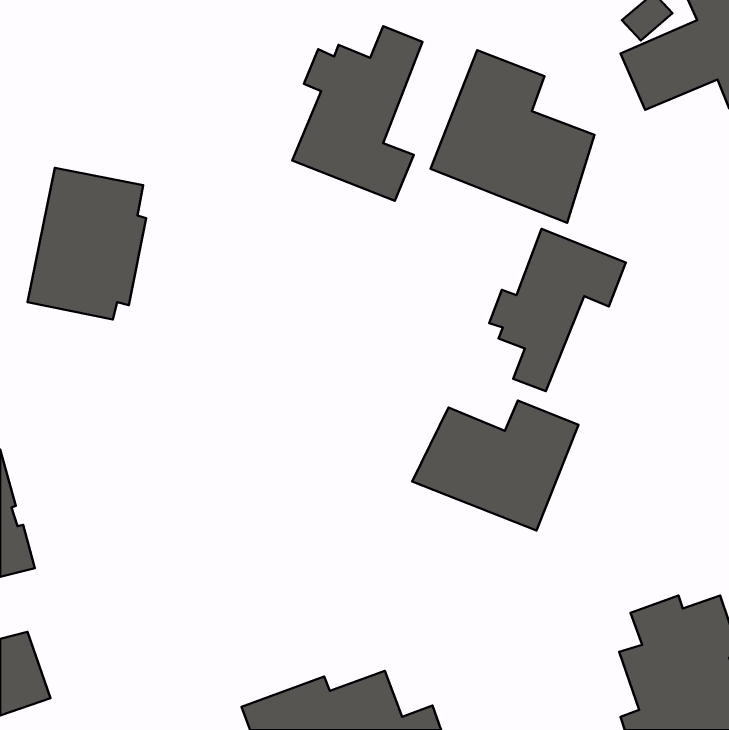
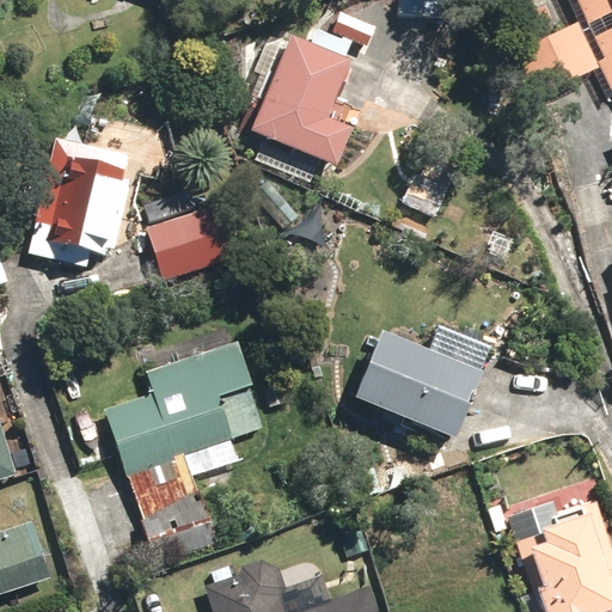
building: [430,50,594,223] -> none
building: [489,229,626,391] -> none
building: none -> [147,204,227,275]
building: none -> [104,342,267,562]

